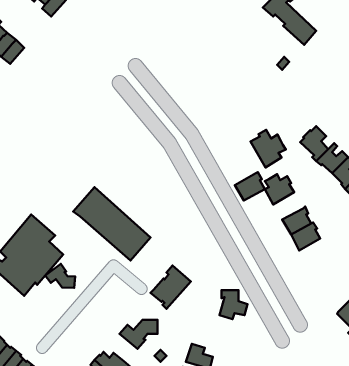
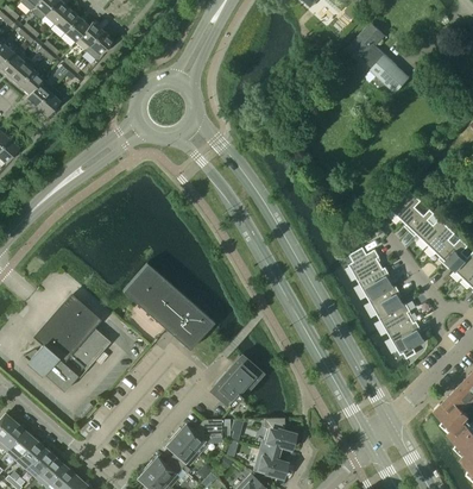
building: [251,130,286,167] -> none
building: [235,172,265,200] -> [358,267,393,300]
building: none -> [389,321,424,358]
building: [45,264,75,288] -> none
building: [219,290,248,319] -> [261,418,295,452]
building: none -> [166,435,197,468]

